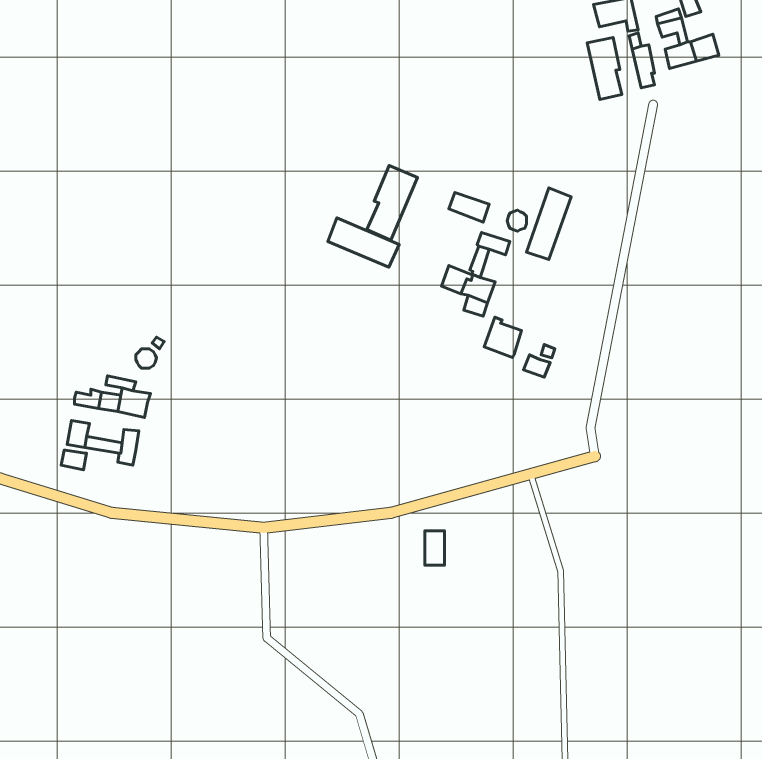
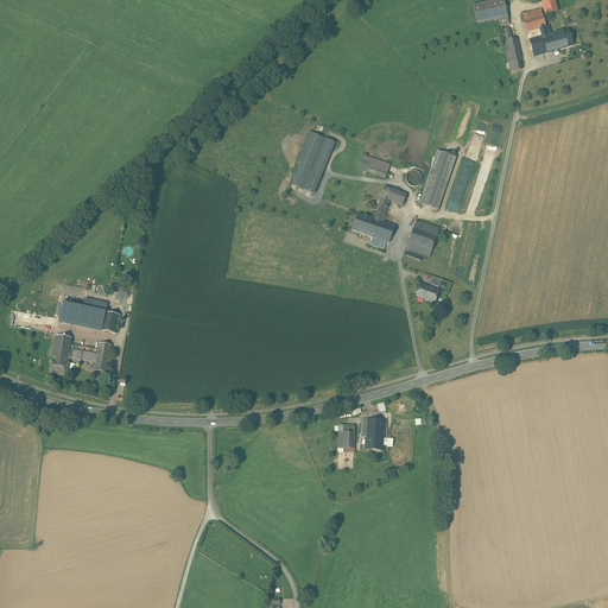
building: [587,37,622,100] -> none
building: [328,218,399,267] -> none
building: [484,317,522,357] -> [406,223,436,255]
building: none -> [361,418,385,449]

